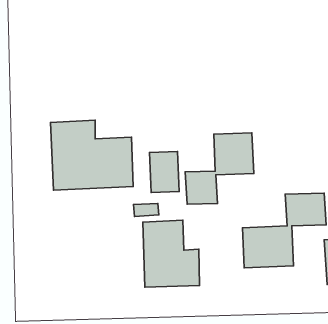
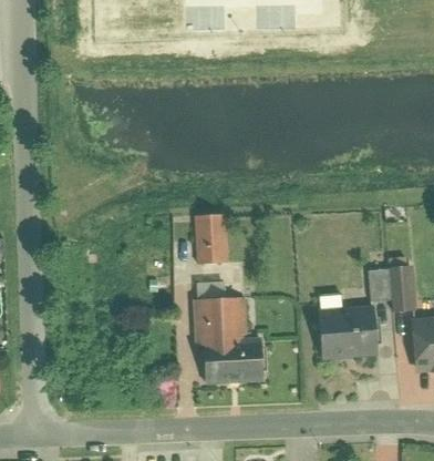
building: [51,120,133,190] -> none
building: [185,133,254,204] -> none

